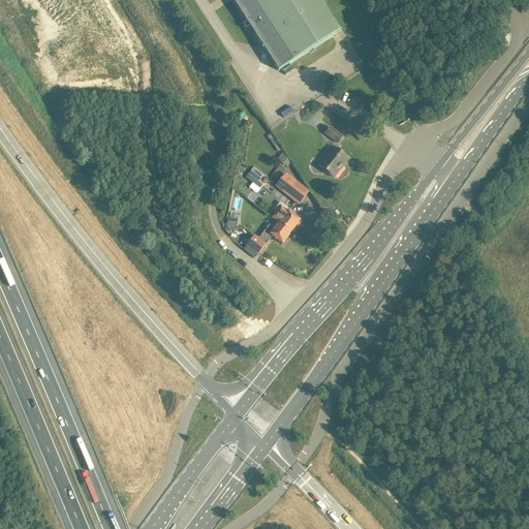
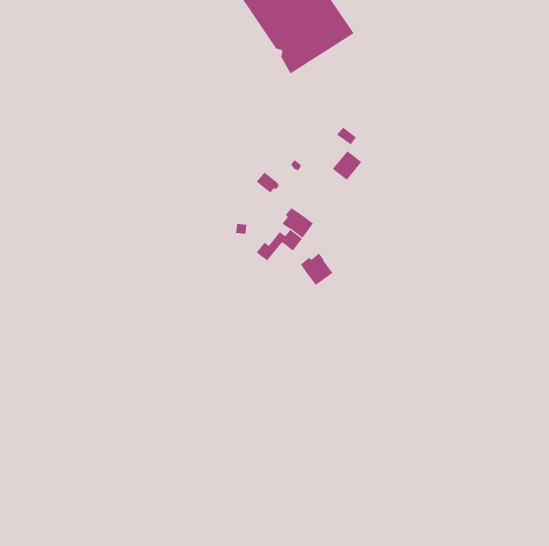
building: [275,172,308,201] -> none
building: none -> [300,253,333,286]

